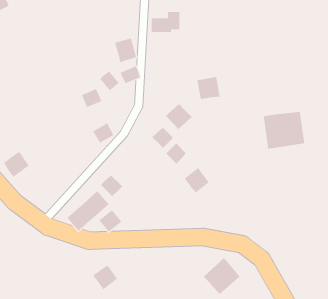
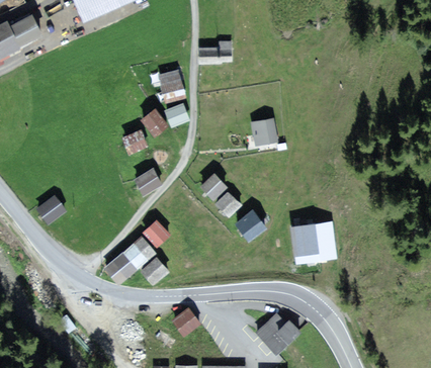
building: [165,103,193,130] -> none
building: [263,112,305,149] -> [290,222,337,264]
building: [92,265,118,290] -> [172,309,200,338]

